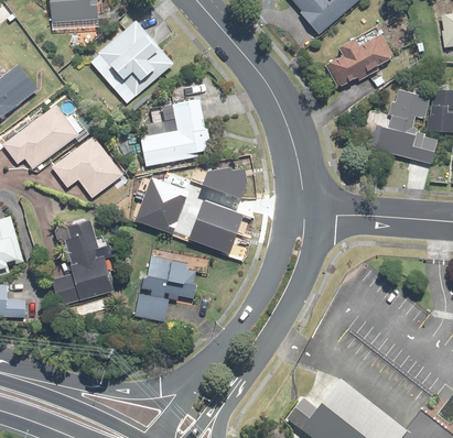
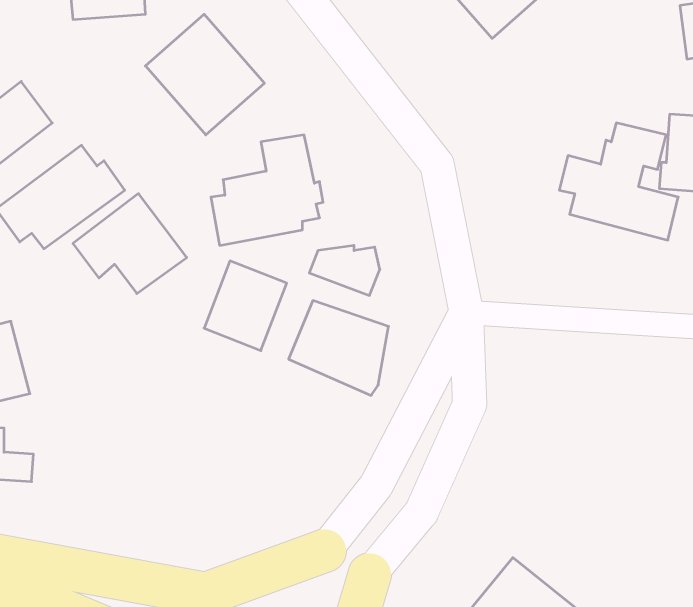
building: [324,25,393,88] -> none
building: [51,218,115,306] -> none
building: [133,248,211,321] -> none

